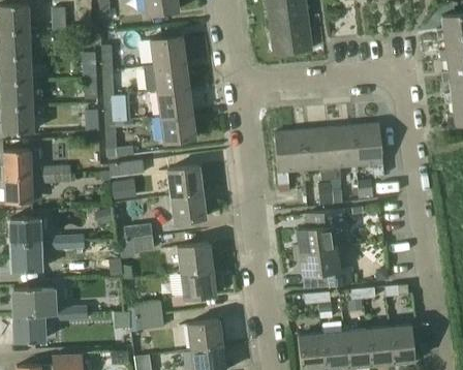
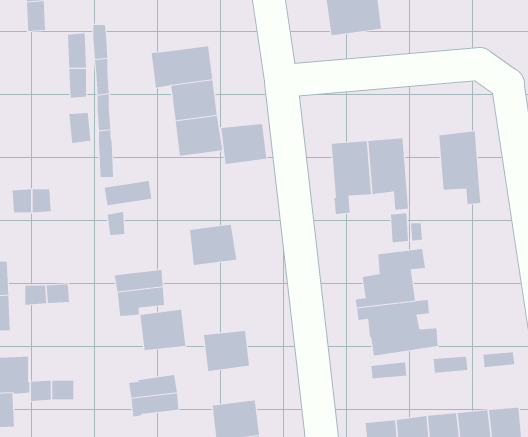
building: [151,34,186,65] -> none
building: [328,126,357,180] -> none
building: [168,165,203,195] -> [220,124,267,165]
building: [179,242,213,272] -> [139,309,186,350]

